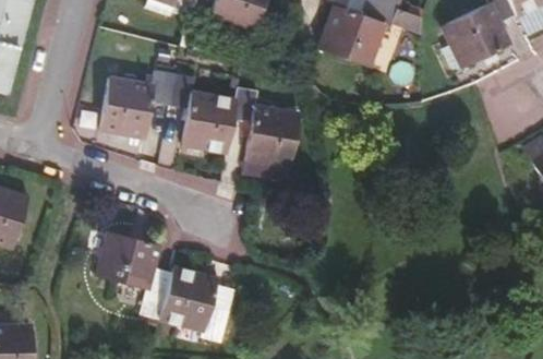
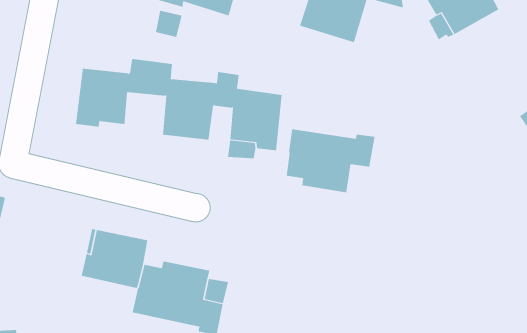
building: none -> [286,128,375,193]

